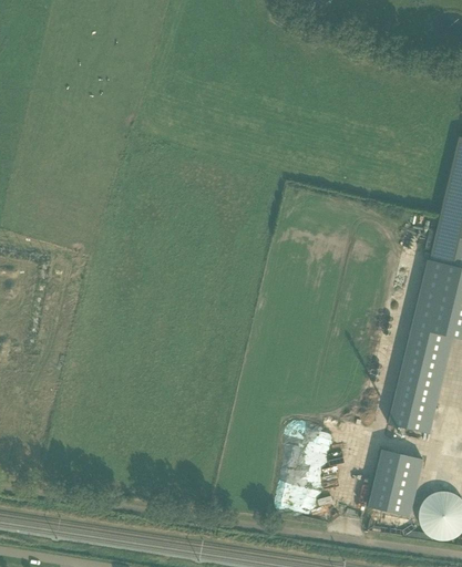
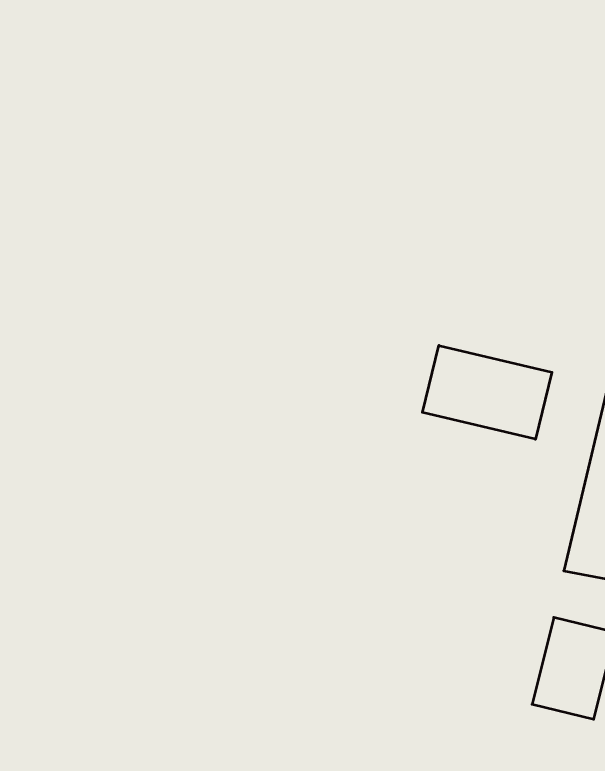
building: none -> [422,345,552,439]

